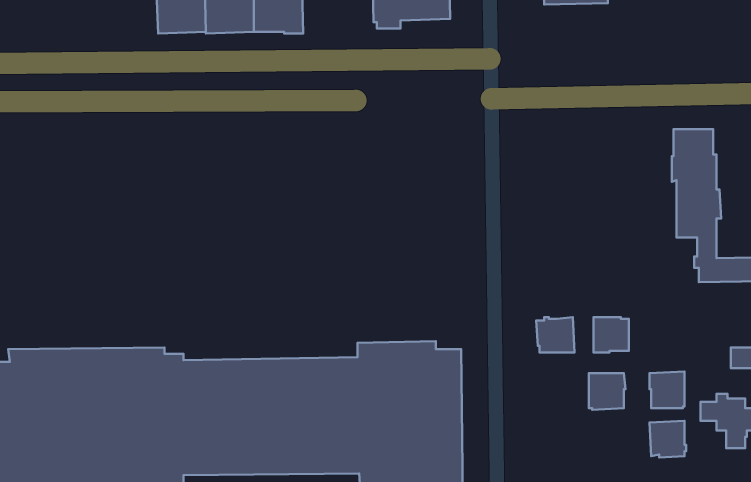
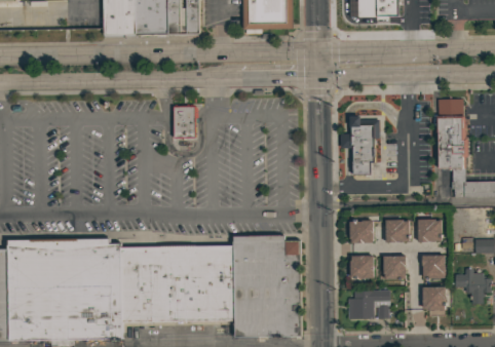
building: none -> [170,104,197,141]
building: none -> [340,116,378,175]
building: none -> [416,219,441,241]
building: none -> [349,256,373,278]
building: none -> [347,291,388,319]

